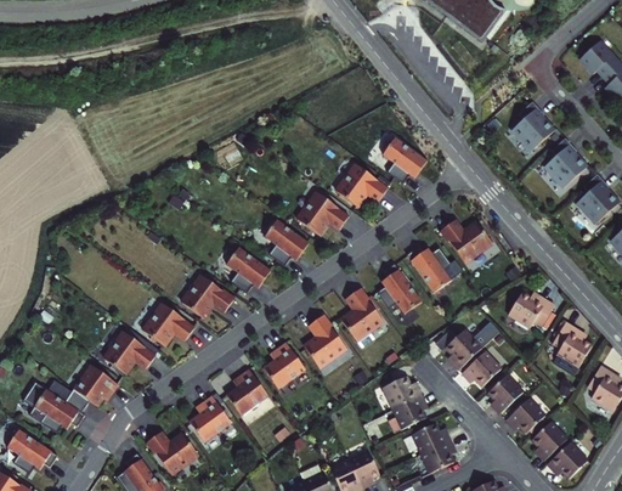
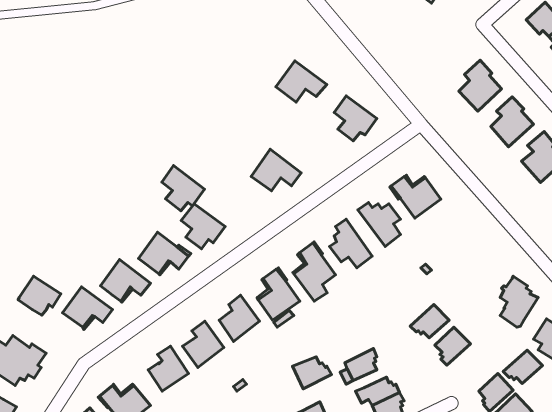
building: [337,163,389,205] -> [276,61,327,102]
building: [265,219,309,265] -> [162,166,204,211]
building: [508,290,554,333] -> none
building: [445,328,481,368] -> none
building: [73,366,117,406] -> [18,276,61,315]
building: [383,377,423,410] -> [292,357,332,389]
building: [504,397,544,431] -> [503,350,542,383]

